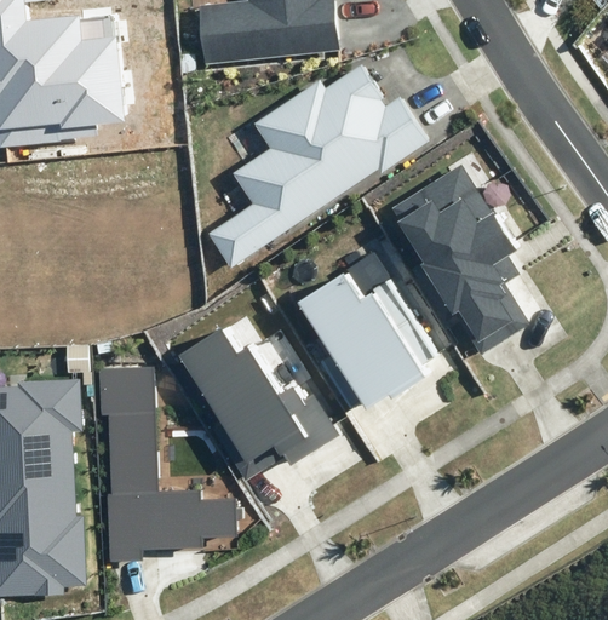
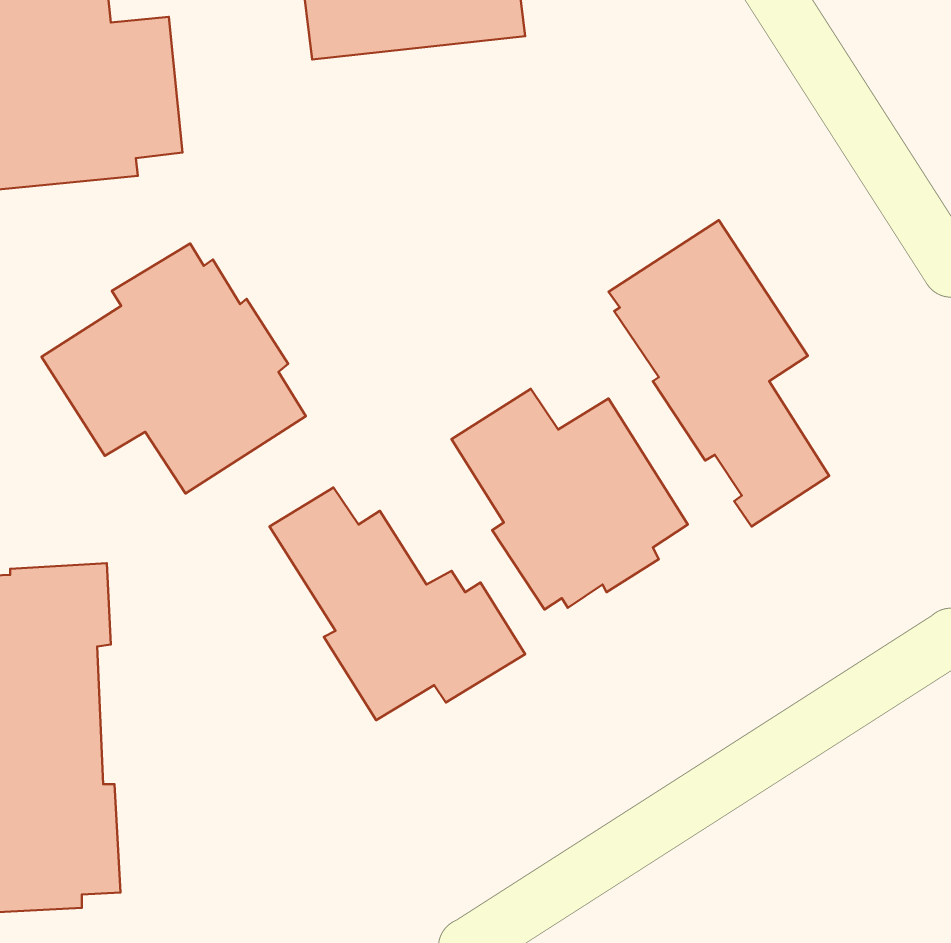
building: [210,67,431,263] -> none
building: none -> [42,243,306,494]
building: [98,366,243,559] -> none

